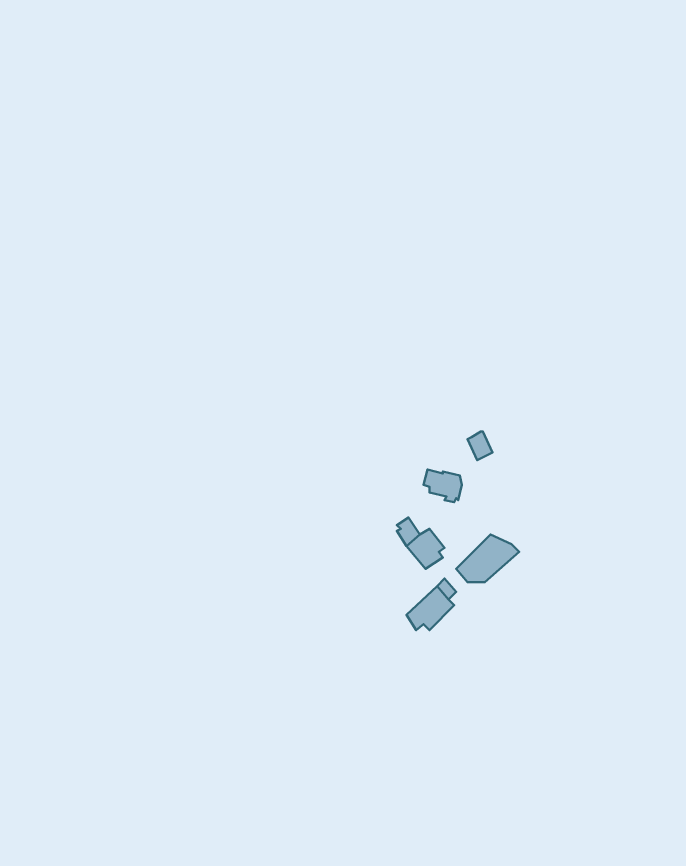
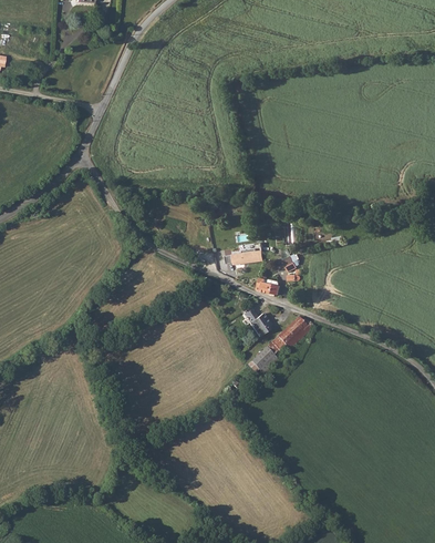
building: none -> [234,248,266,267]

